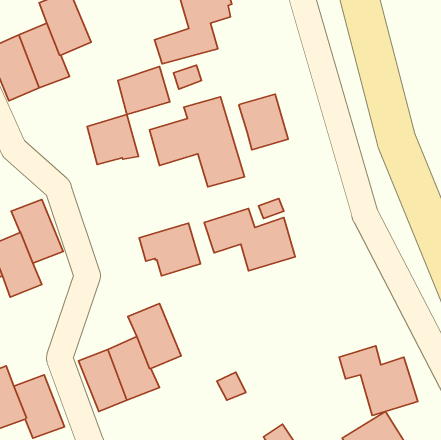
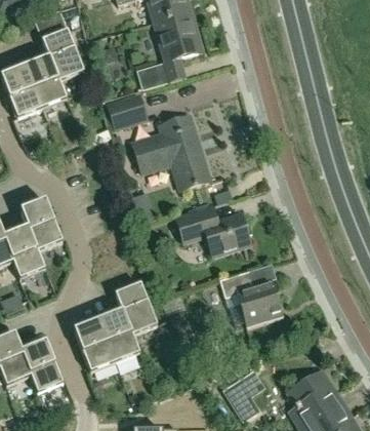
building: [239,94,288,150] -> none
building: [87,115,139,164] -> none
building: [139,223,200,276] -> none
building: [339,346,418,416] -> [220,269,284,325]

